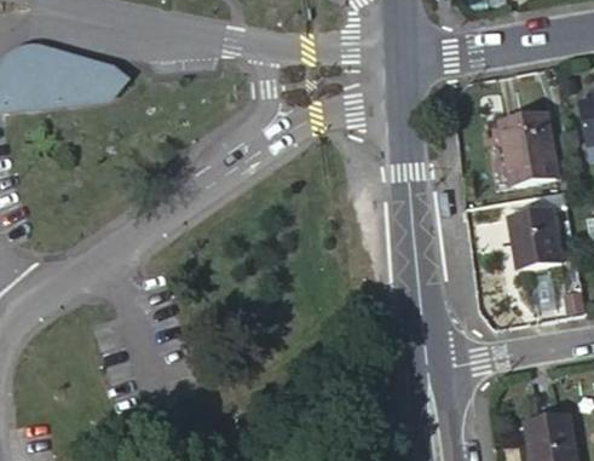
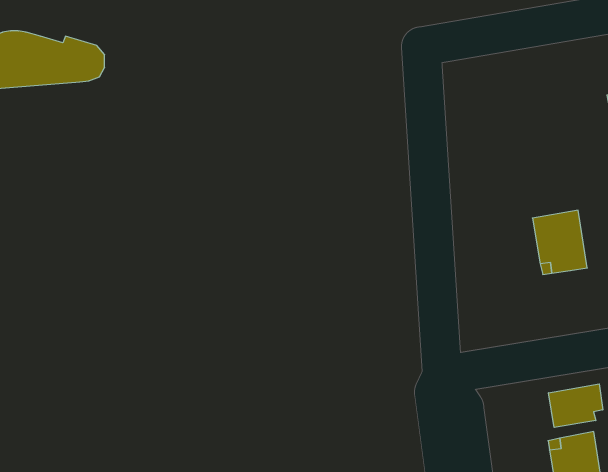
building: [502,113,558,186] -> none
building: none -> [549,384,603,427]

